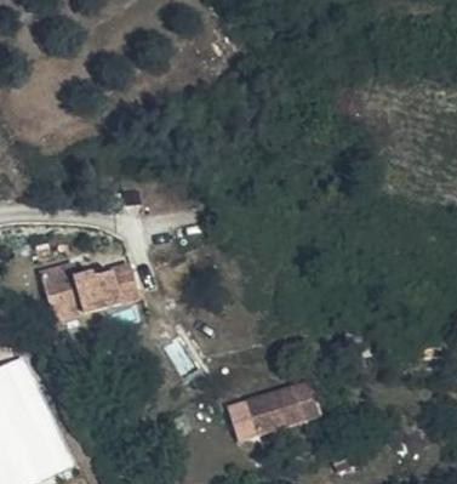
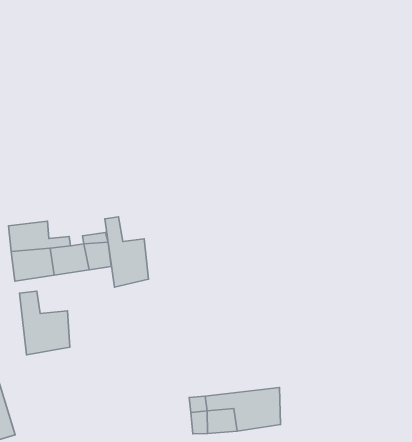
building: none -> [105,217,149,287]
building: none -> [19,291,70,355]

